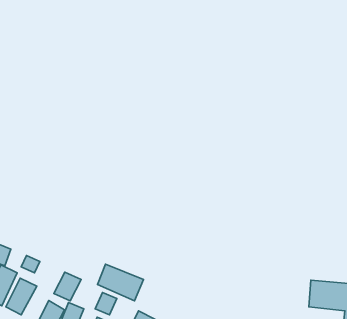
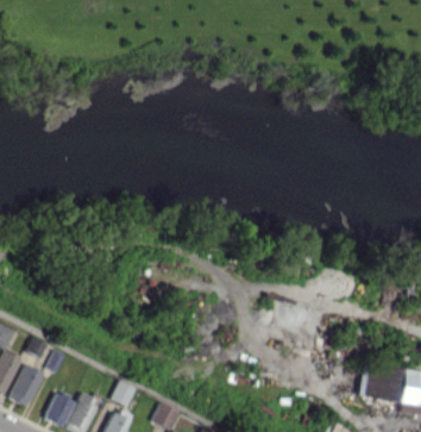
building: [97,264,144,301] -> none
building: [54,272,81,301] -> none

